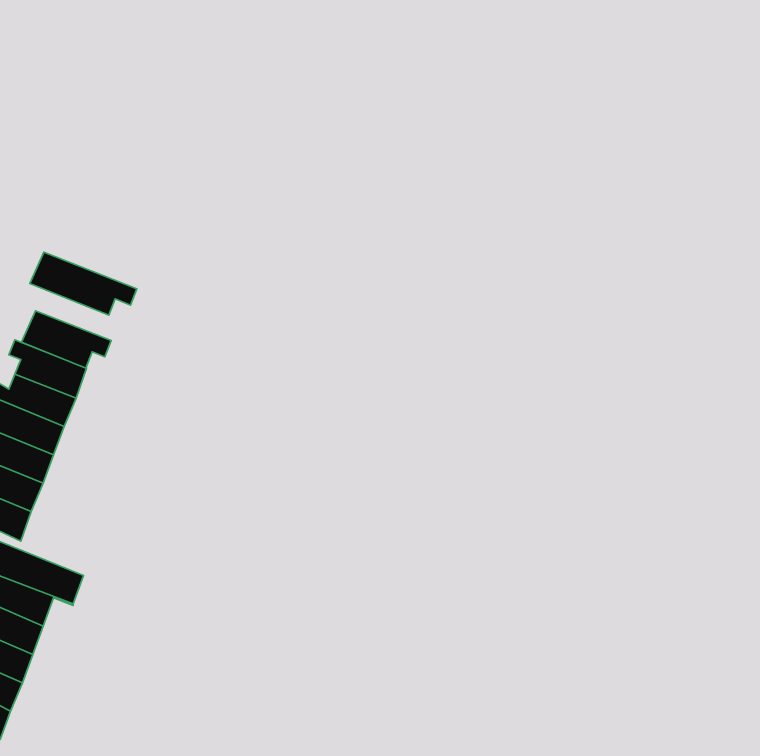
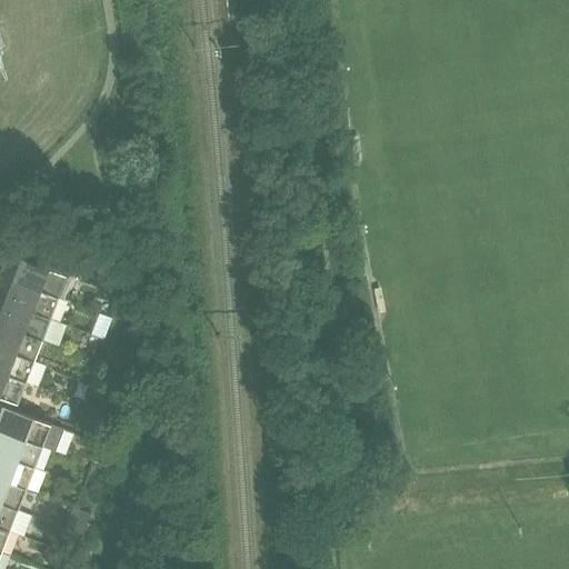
building: [30,252,137,315] -> none
building: [22,311,111,368] -> none

